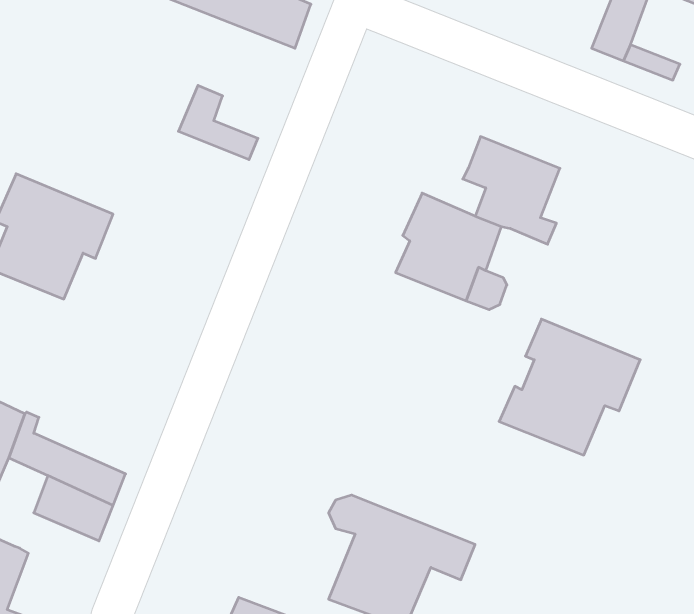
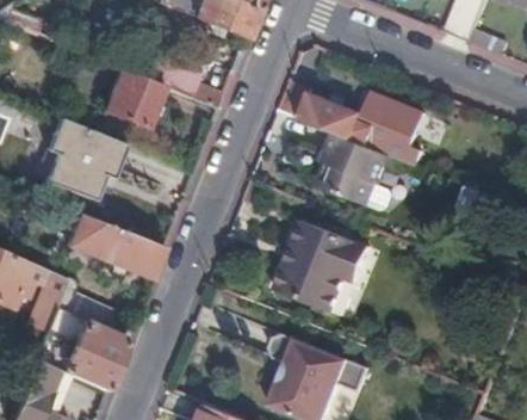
building: none -> [105,69,163,128]
building: none -> [281,81,378,147]
building: none -> [68,215,163,278]
building: [499,319,640,455] -> [278,220,373,311]
building: none -> [63,347,117,391]

